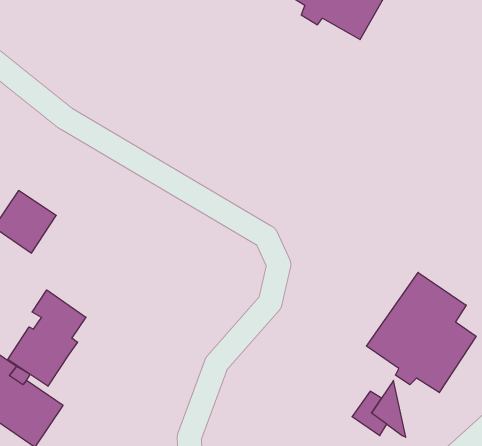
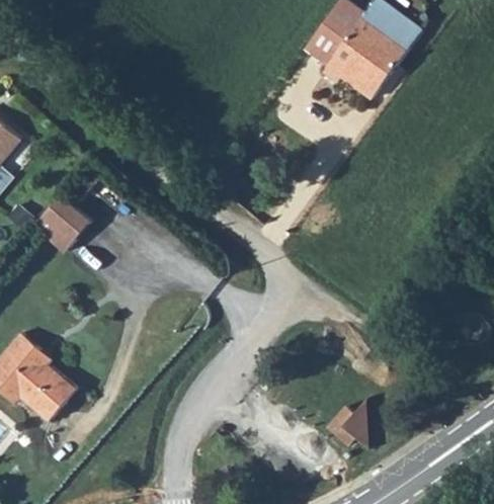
building: [366,272,476,393] -> none
building: [8,290,86,386] -> none

